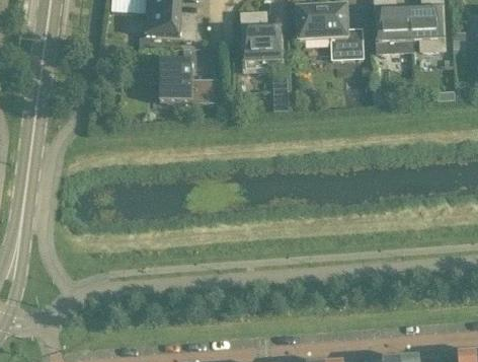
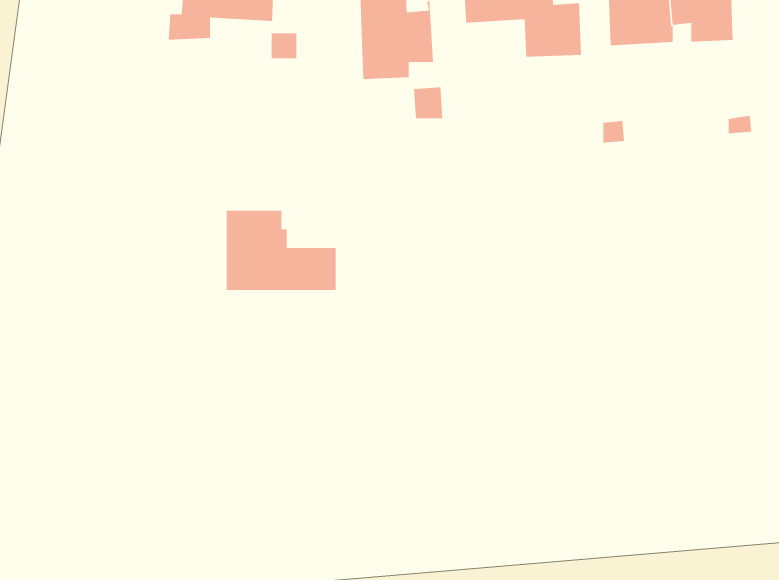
building: [160,58,220,101] -> [226,210,336,291]

